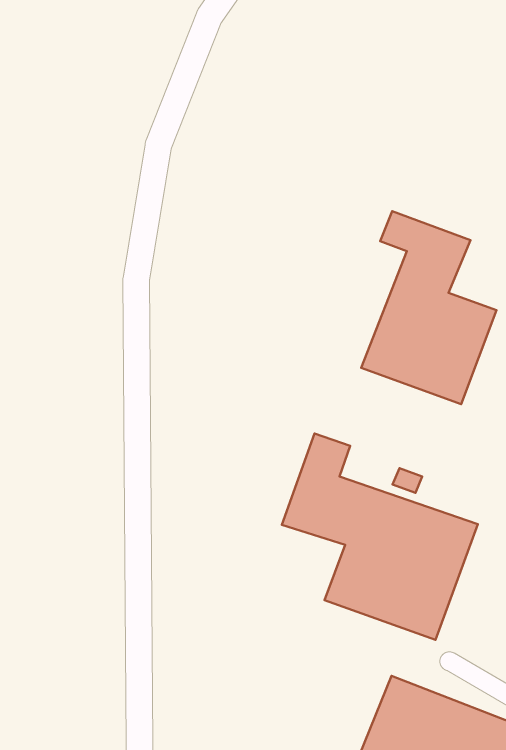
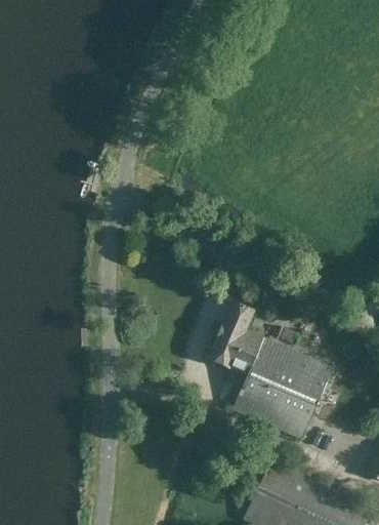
building: [361,211,496,404] -> none

